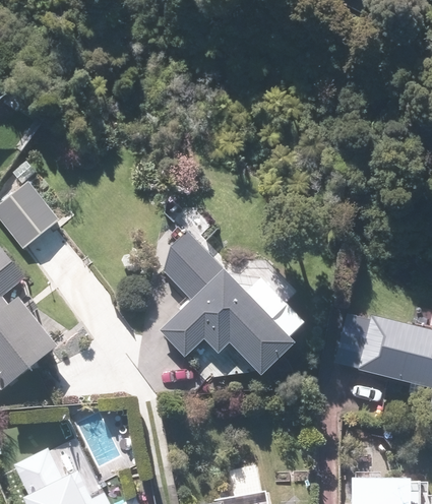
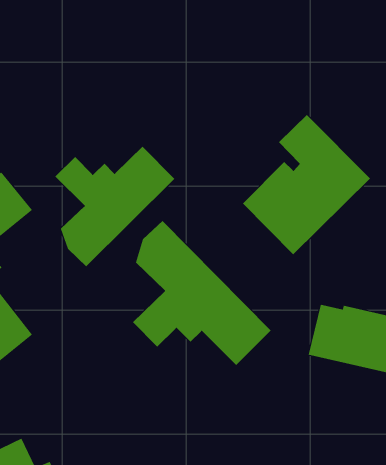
building: none -> [242,114,371,255]
building: none -> [55,146,175,267]

